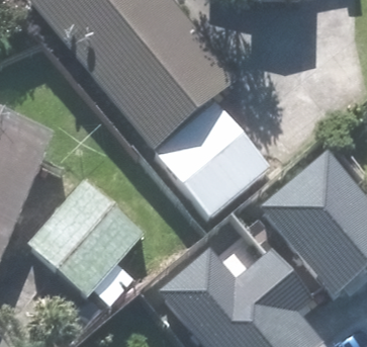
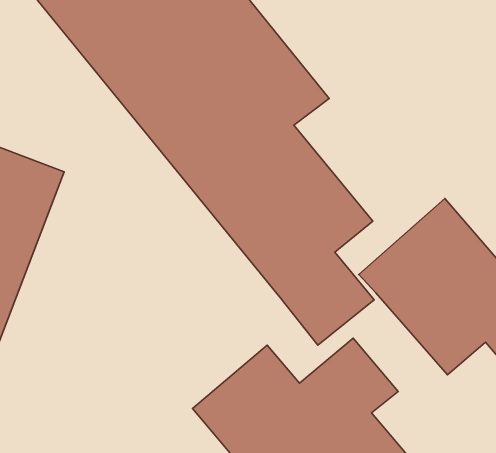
building: [27,176,149,305] -> none

